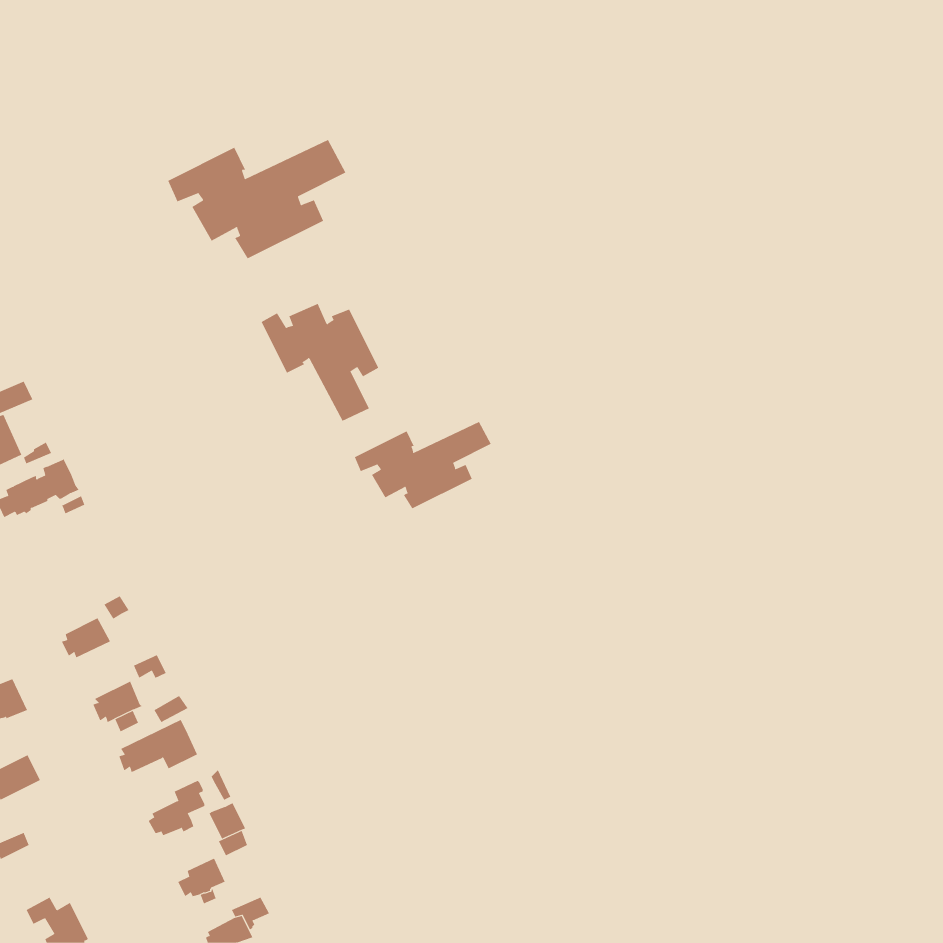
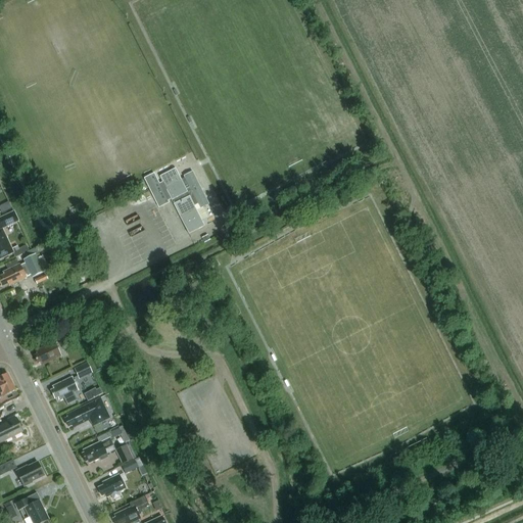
building: [168,139,346,259] -> none
building: [354,421,492,509] -> none
building: none -> [16,461,45,486]

